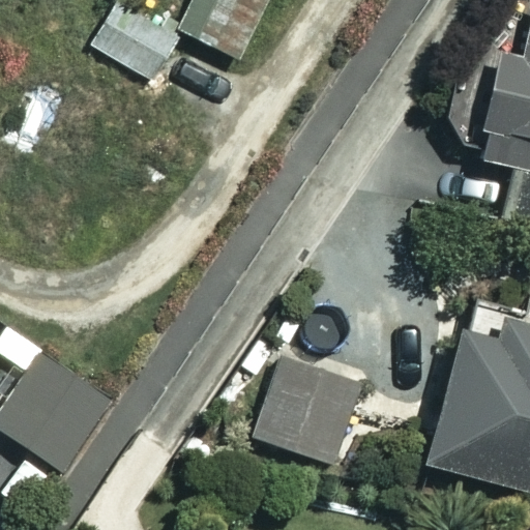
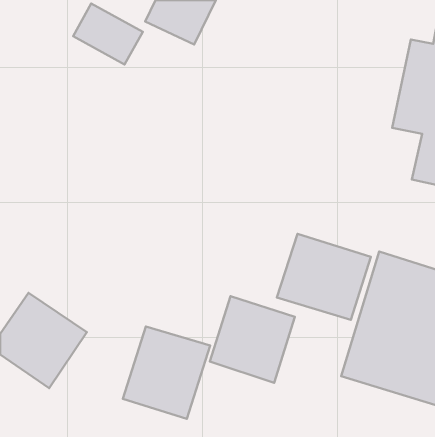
building: none -> [277,234,371,320]
building: none -> [123,326,210,419]

